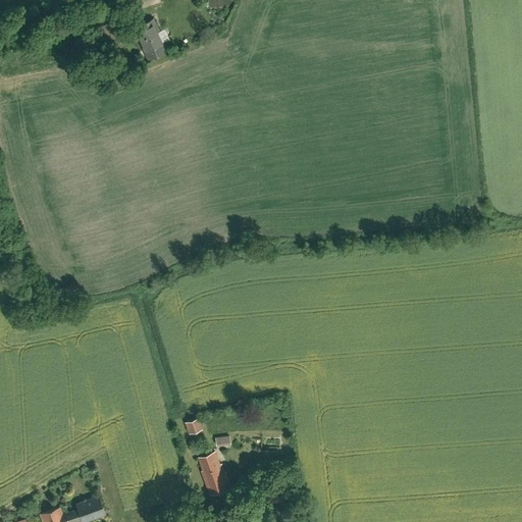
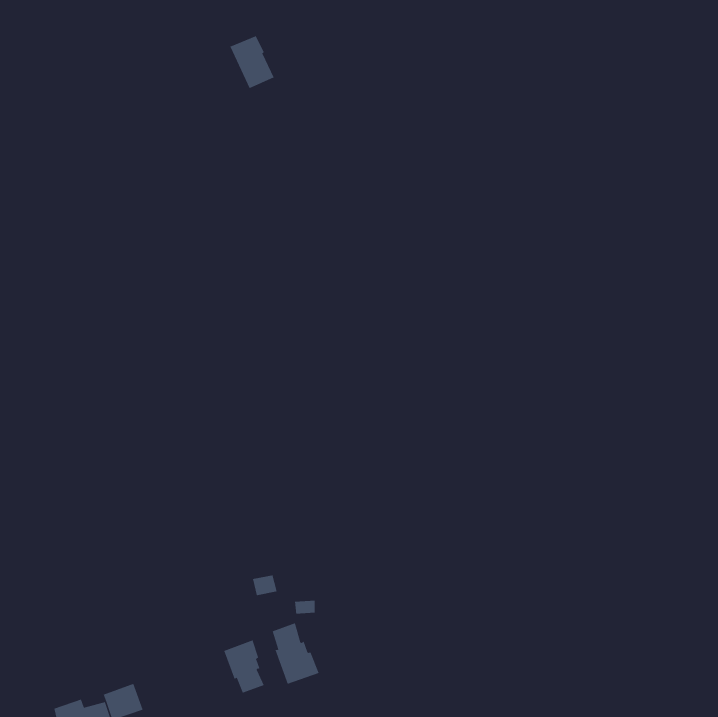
building: [135,20,167,59] -> [229,35,274,89]
building: none -> [224,640,264,693]

